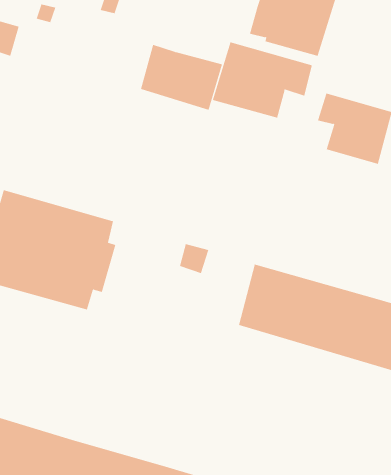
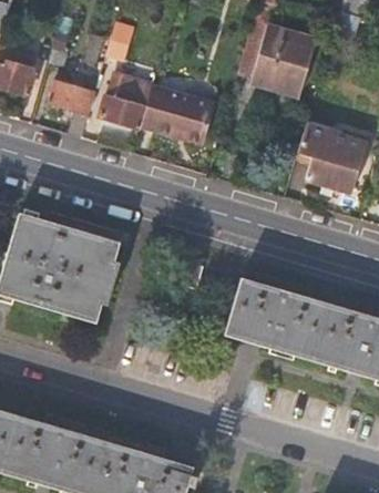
building: none -> [100,75,152,129]
building: none -> [48,81,95,138]
building: [212,41,312,119] -> none

